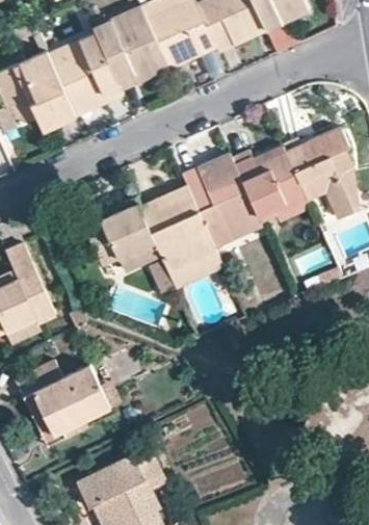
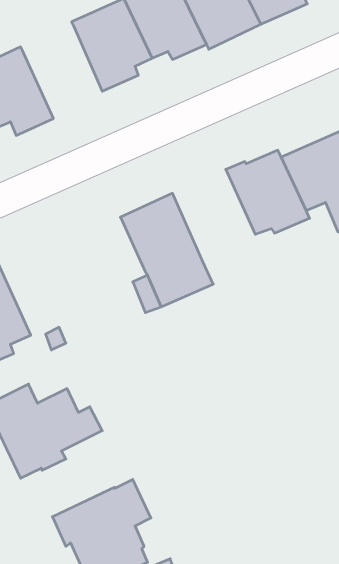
building: [48,31,124,115] -> none
building: [181,152,264,247] -> none
building: [85,196,161,271] -> none

